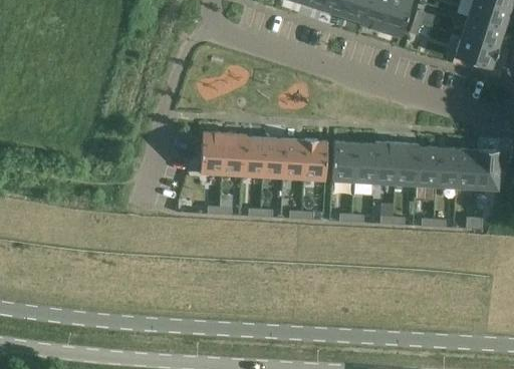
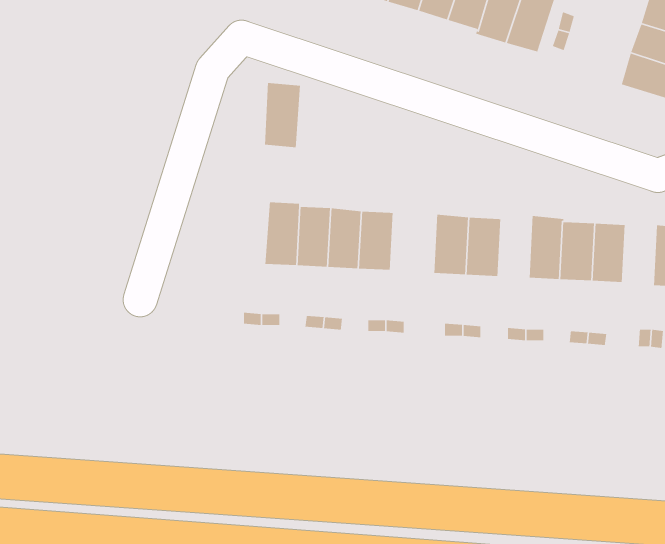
building: [201,131,225,174] -> [264,82,301,148]
building: [304,138,327,179] -> none
building: [374,141,397,183] -> none
building: [456,148,478,189] -> none

